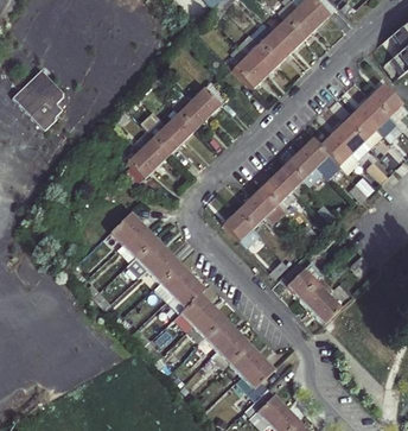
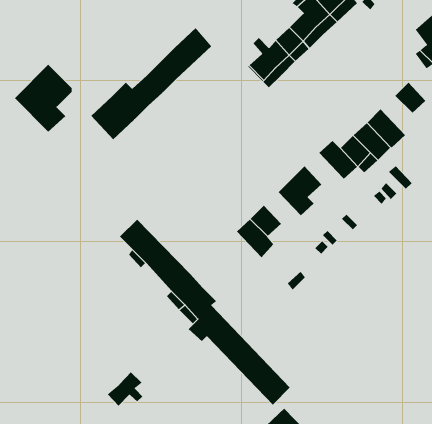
building: [114,80,228,185] -> [90,27,212,140]
building: [357,96,394,133] -> none
building: [286,150,321,185] -> none
building: [248,186,283,223] -> none
building: [279,261,340,324] -> none
building: none -> [107,372,143,407]

